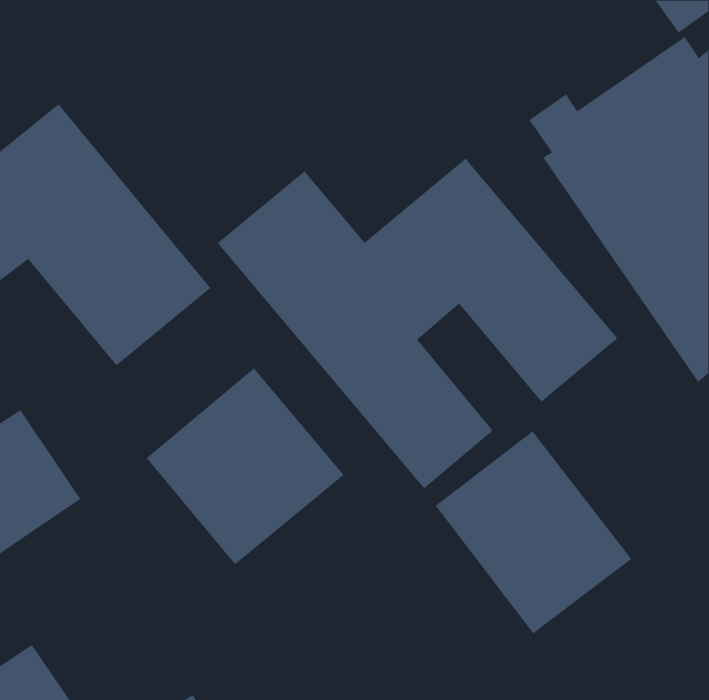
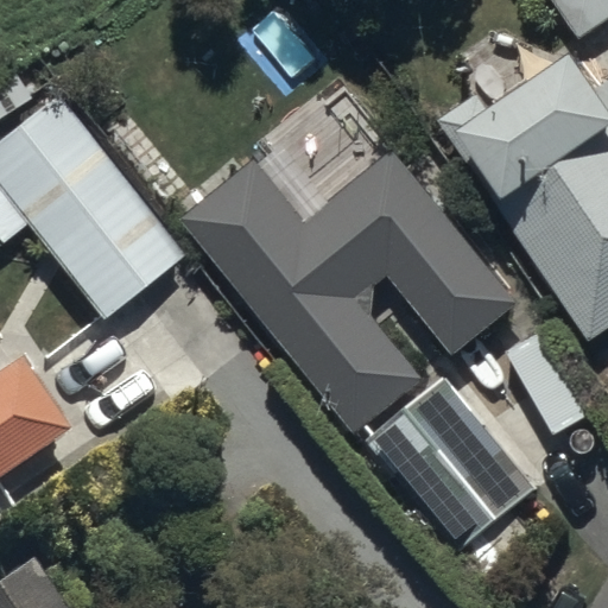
building: [146,367,344,565] -> none

